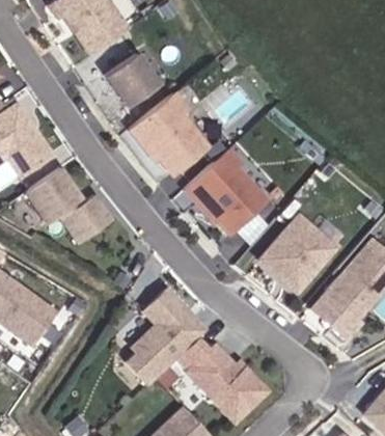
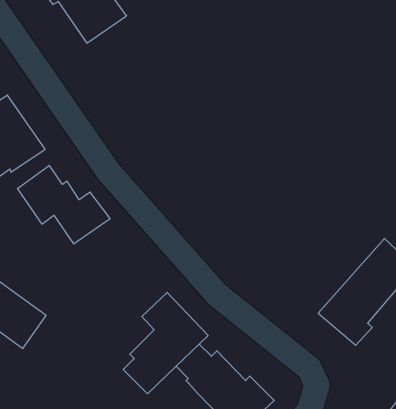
building: [105,52,160,107] -> none
building: [130,93,208,174] -> none
building: [185,149,267,235] -> none
building: [258,215,335,293] -> none

